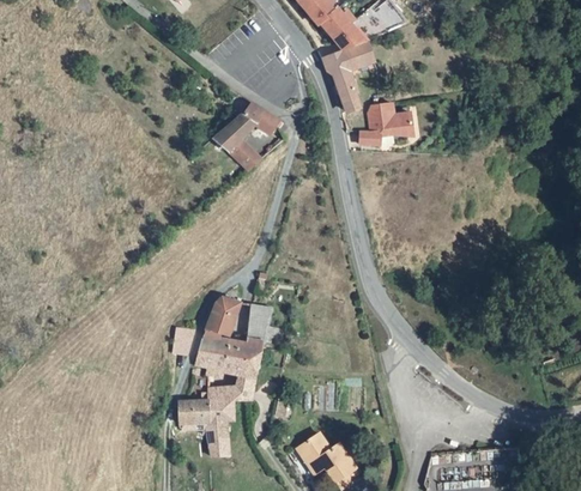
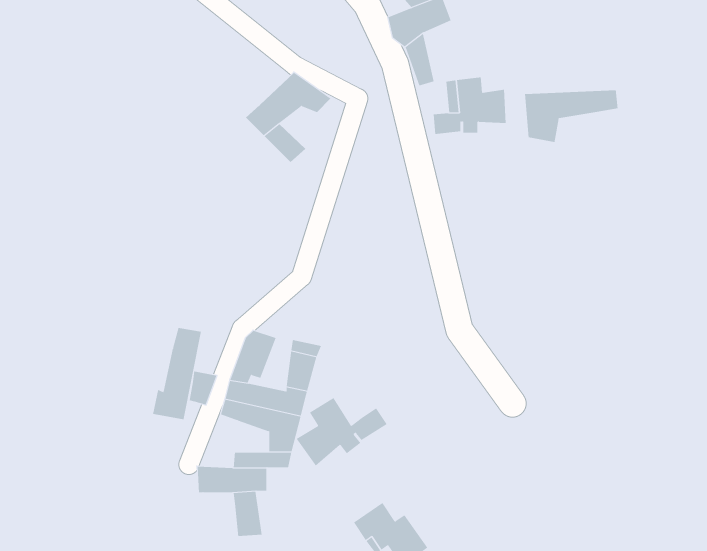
building: none -> [525,89,618,143]
building: none -> [152,327,202,420]
building: none -> [296,397,387,466]

